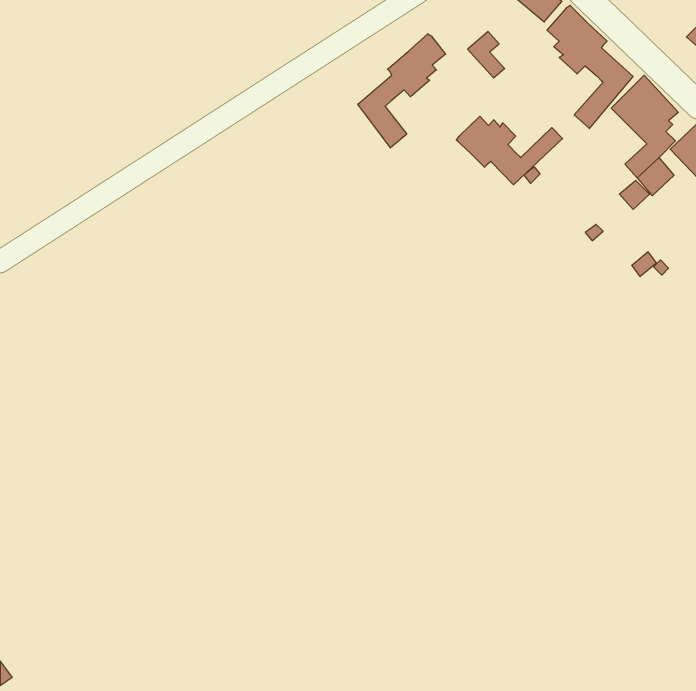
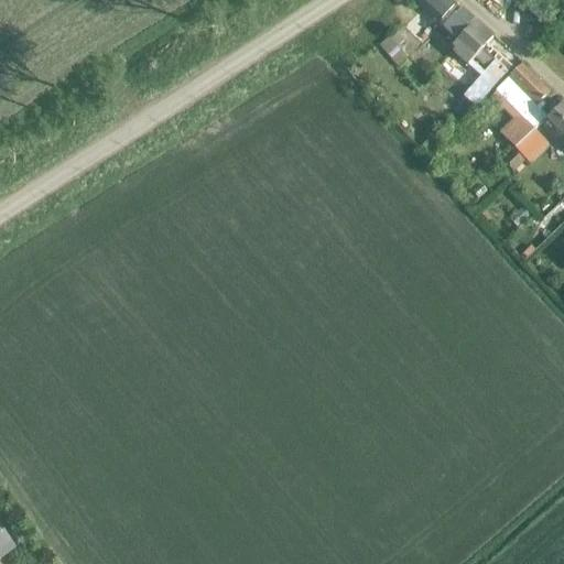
building: [358,34,446,148] -> none
building: [456,116,563,185] -> none

